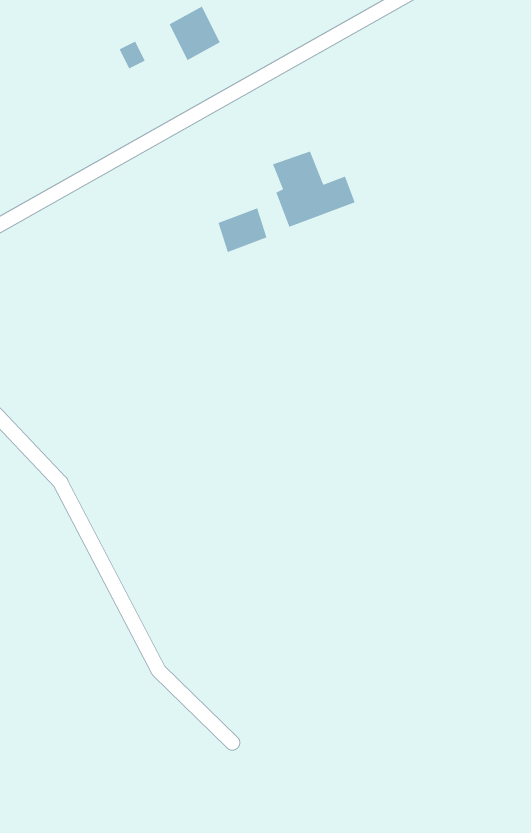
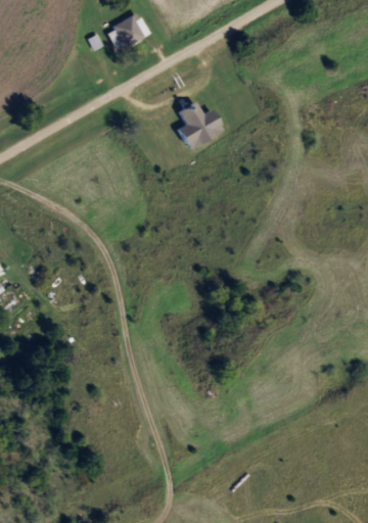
building: [218,208,267,253] -> none

